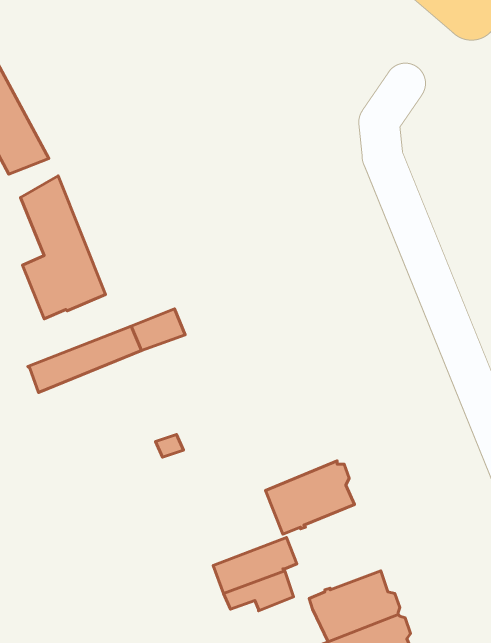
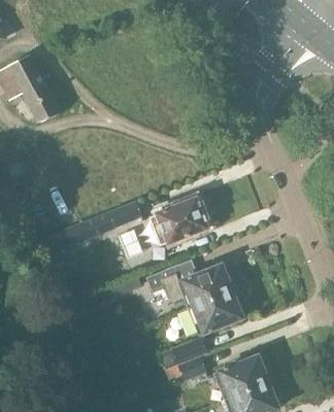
building: [21,176,106,319] -> none
building: none -> [152,199,208,245]
building: none -> [146,259,233,309]

